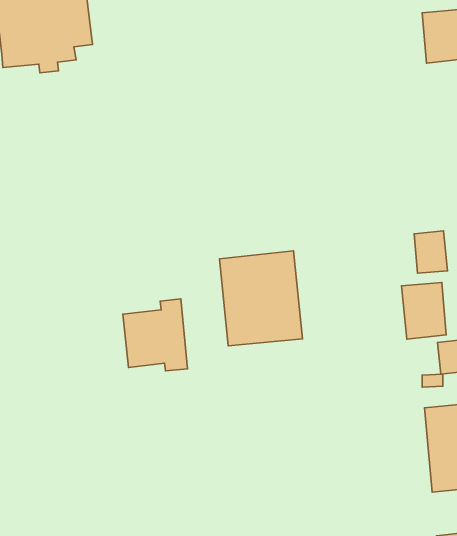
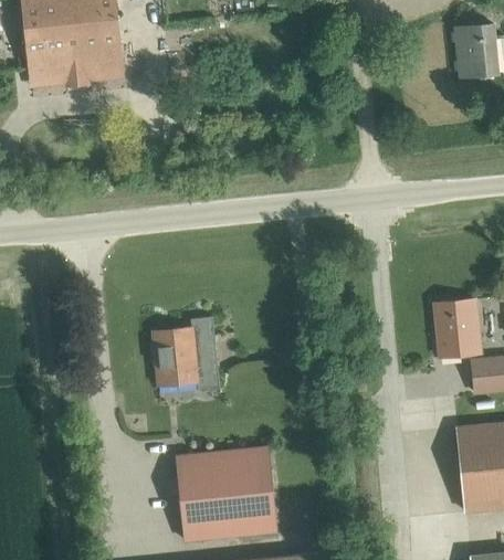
building: [414,231,448,273] -> none
building: [220,251,302,346] -> none
building: none -> [176,447,276,541]

